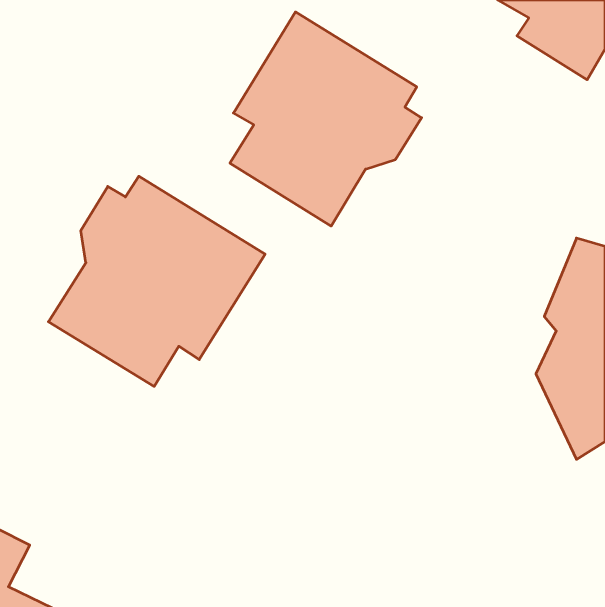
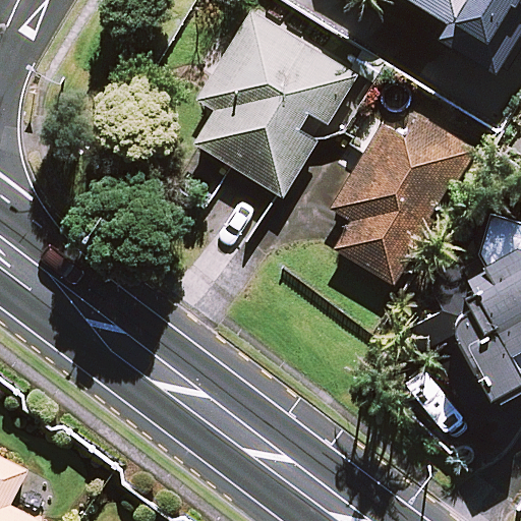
building: none -> [332,114,473,281]
building: [48,176,265,386] -> none

